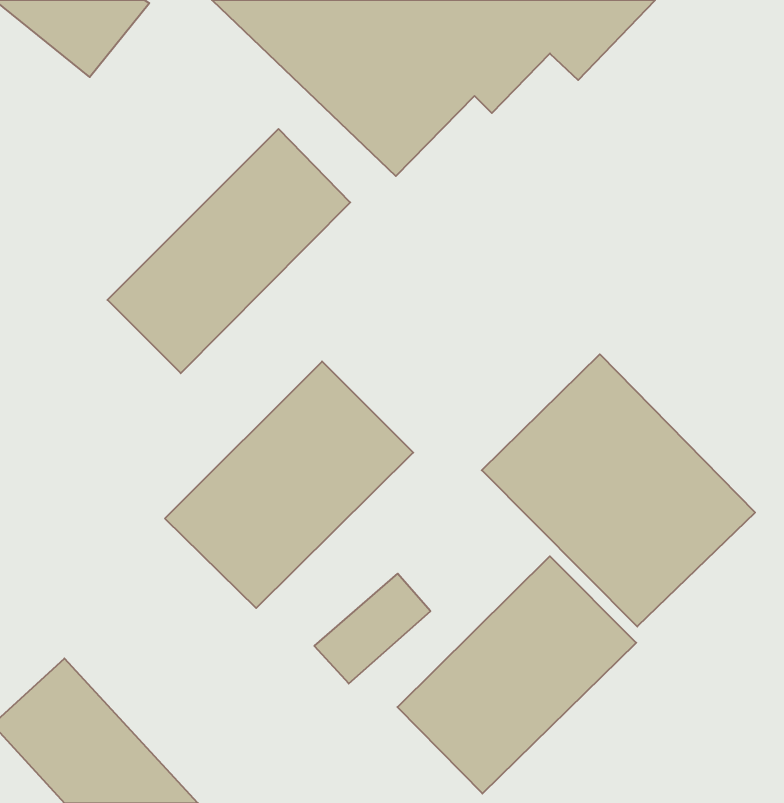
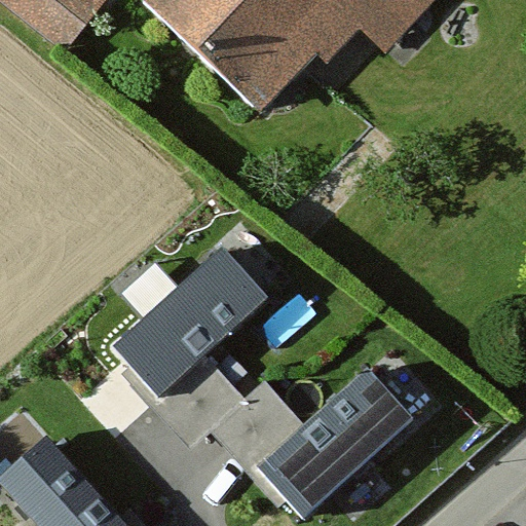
building: [107,129,350,373] -> none
building: [482,354,755,627] -> none

